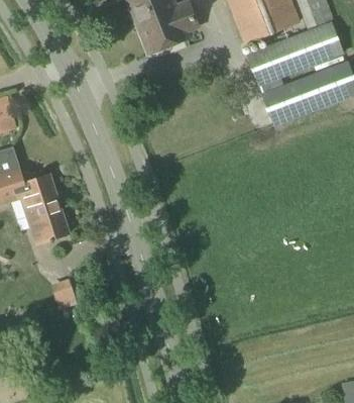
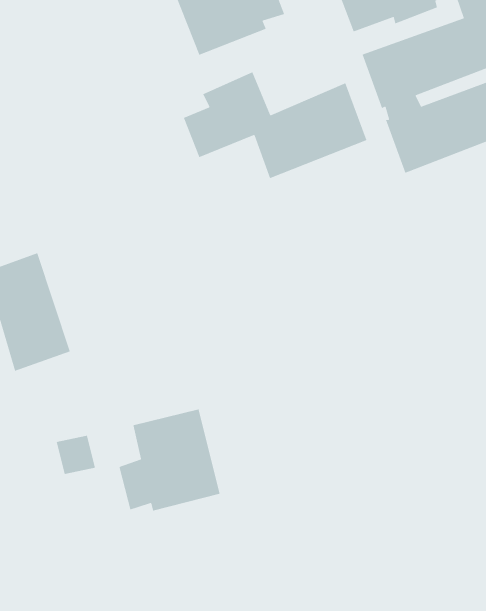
building: none -> [183,71,368,179]
building: none -> [118,408,221,511]

